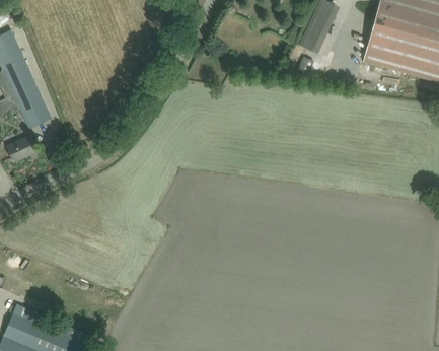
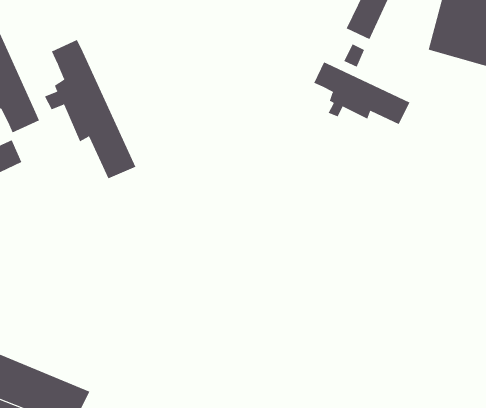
building: none -> [44,39,136,179]
building: none -> [314,61,410,125]

